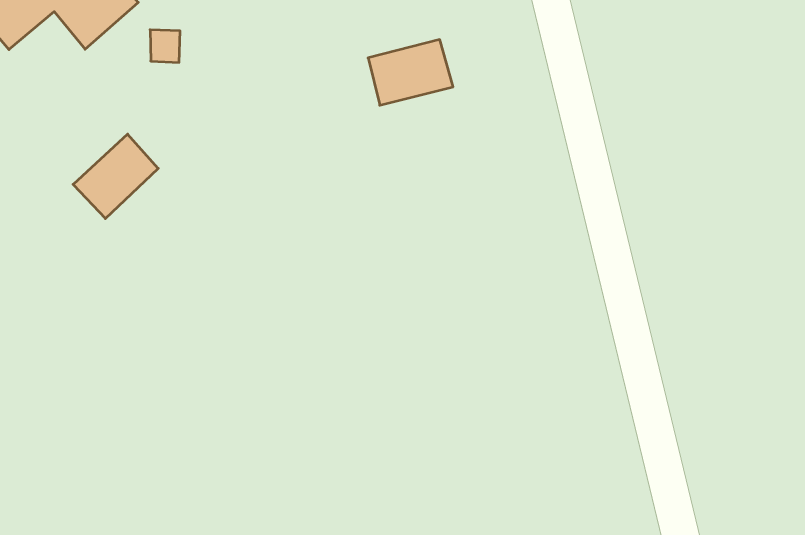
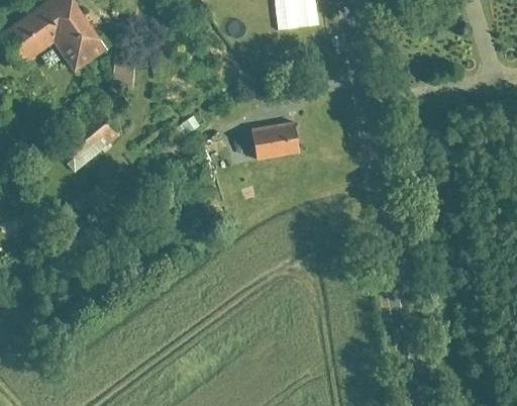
building: [368,40,453,105] -> [253,120,304,158]

